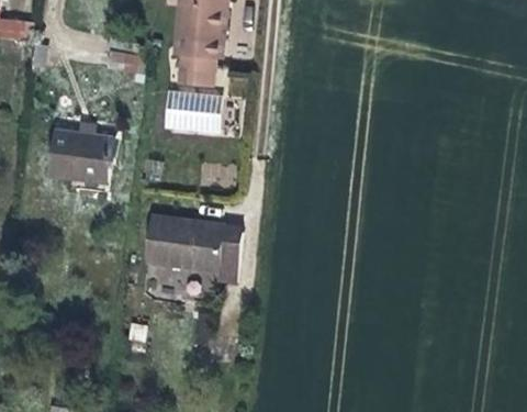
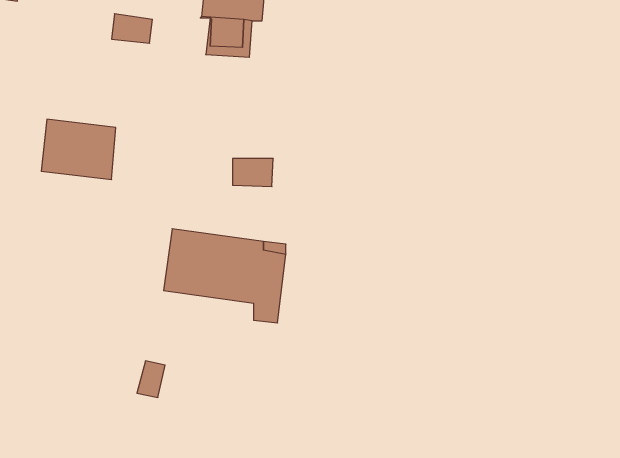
building: [162,90,220,133] -> none

